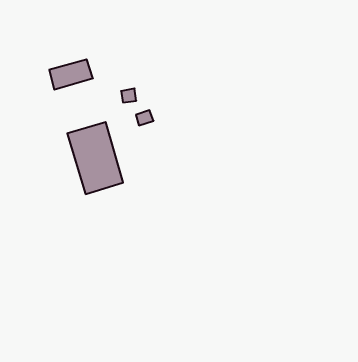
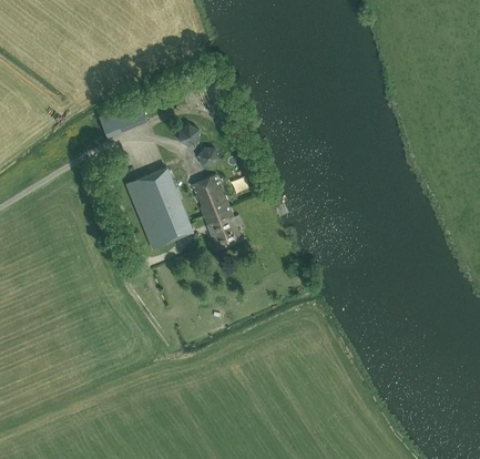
building: none -> [193,176,242,249]

